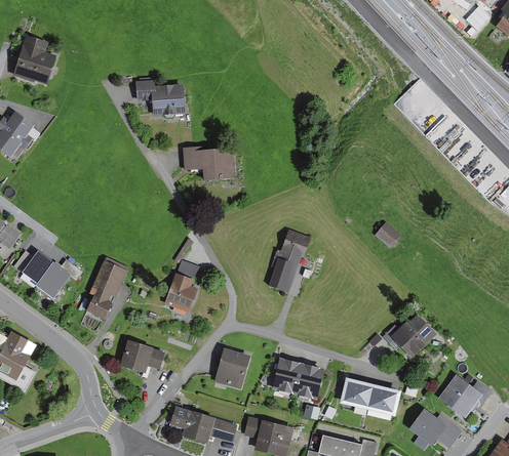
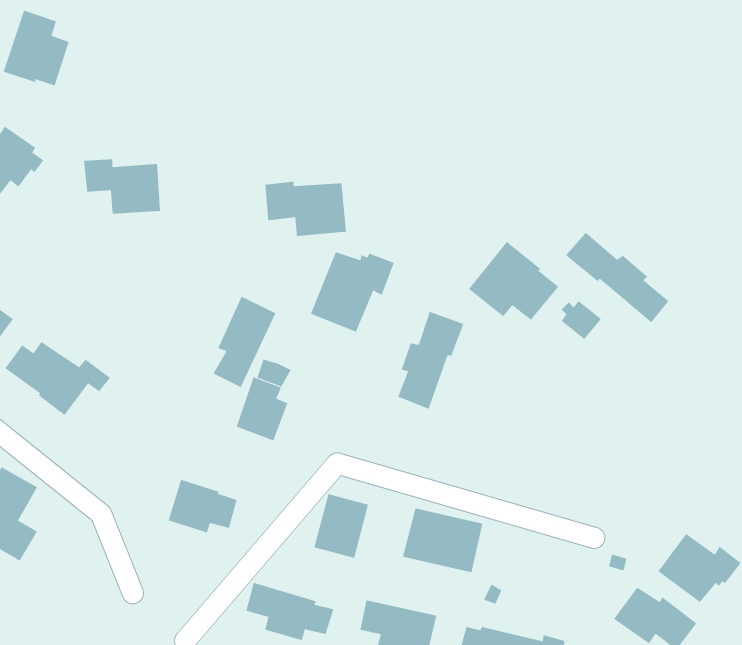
building: [135,80,186,116] -> [83,159,161,214]
building: none -> [565,232,669,323]
building: none -> [468,241,559,321]
building: none -> [310,251,395,332]
building: [86,259,127,319] -> [213,296,276,388]
building: [383,313,437,357] -> none
building: [340,375,402,415] -> none

